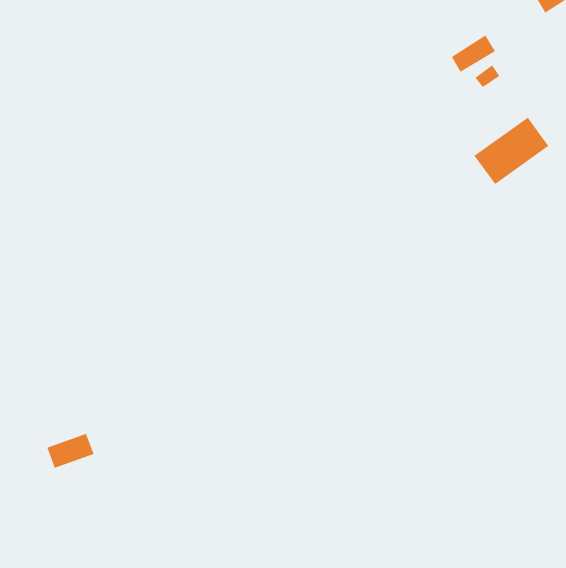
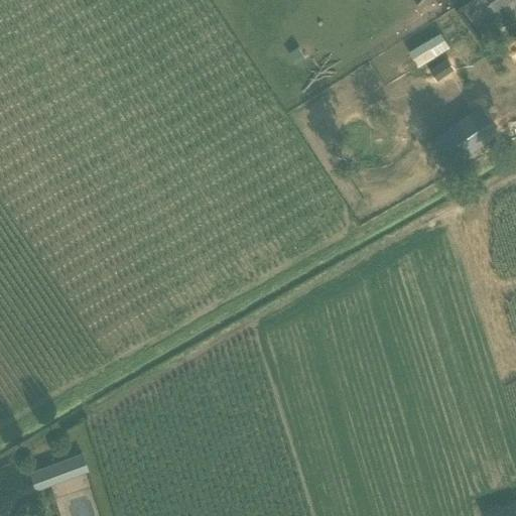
building: [46,433,94,469] -> [31,458,75,490]

